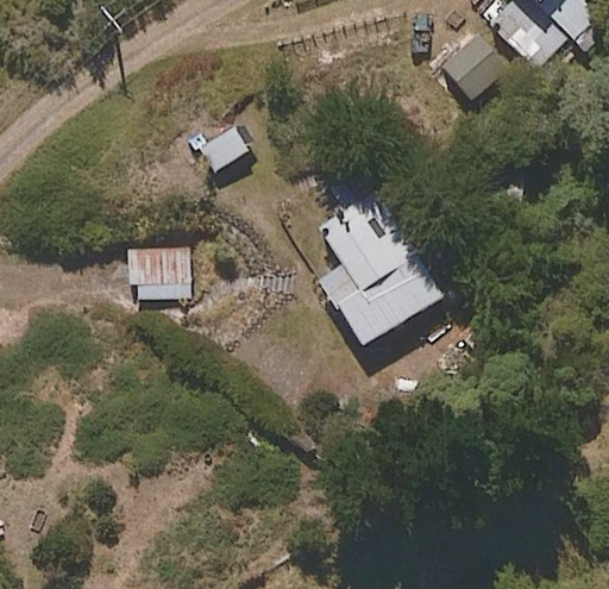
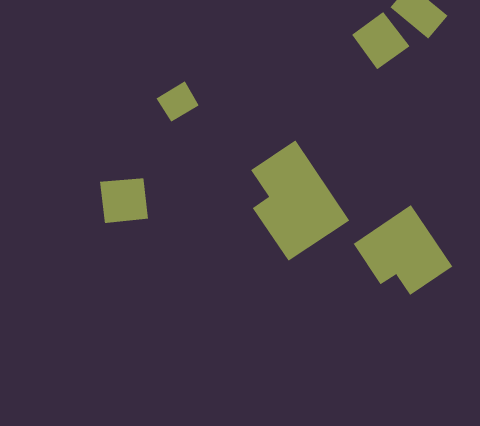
building: none -> [353,204,453,296]

